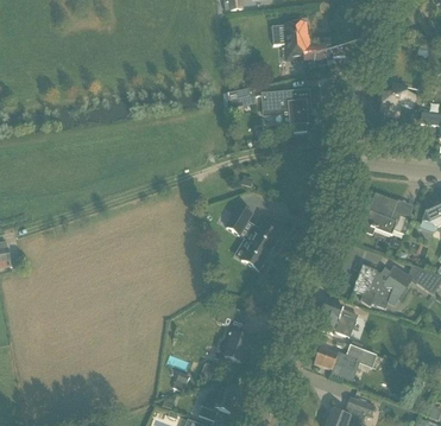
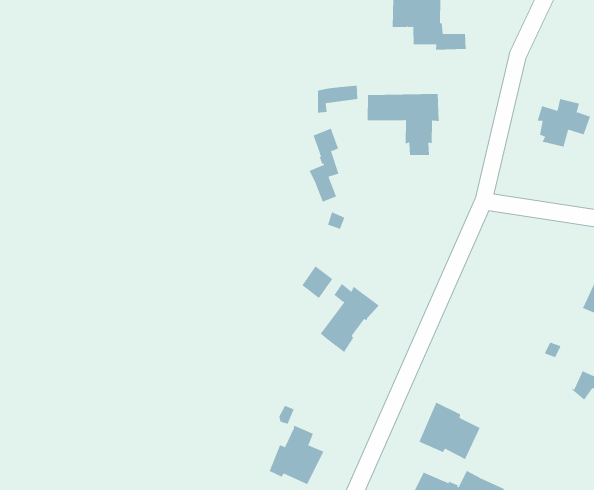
building: none -> [309,128,339,203]
building: [364,191,412,233] -> none
building: [354,265,410,307] -> none

